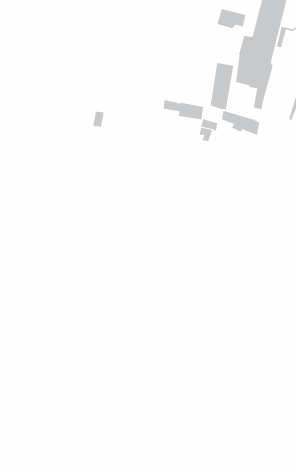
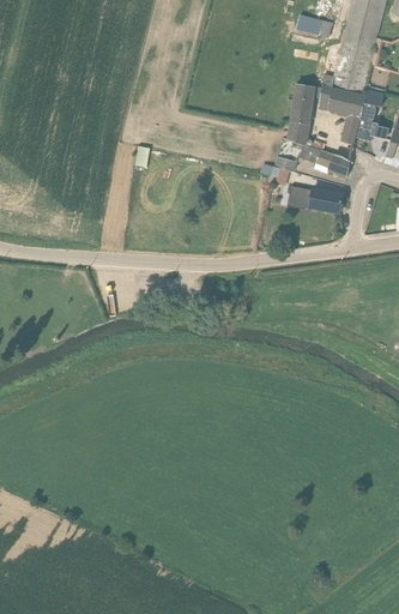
building: none -> [355,89,388,139]
building: [163,99,204,120] -> [290,185,343,211]

